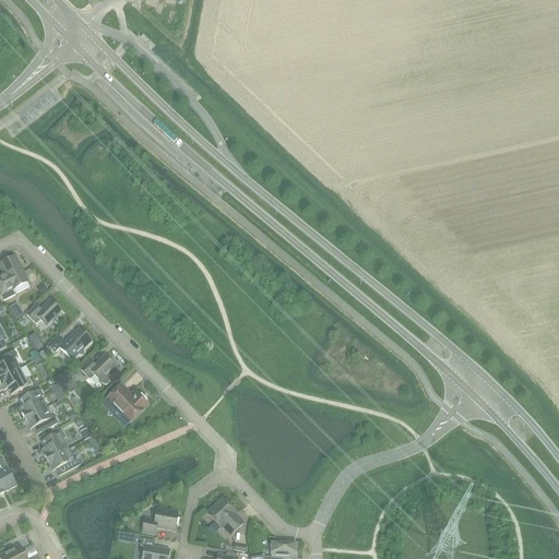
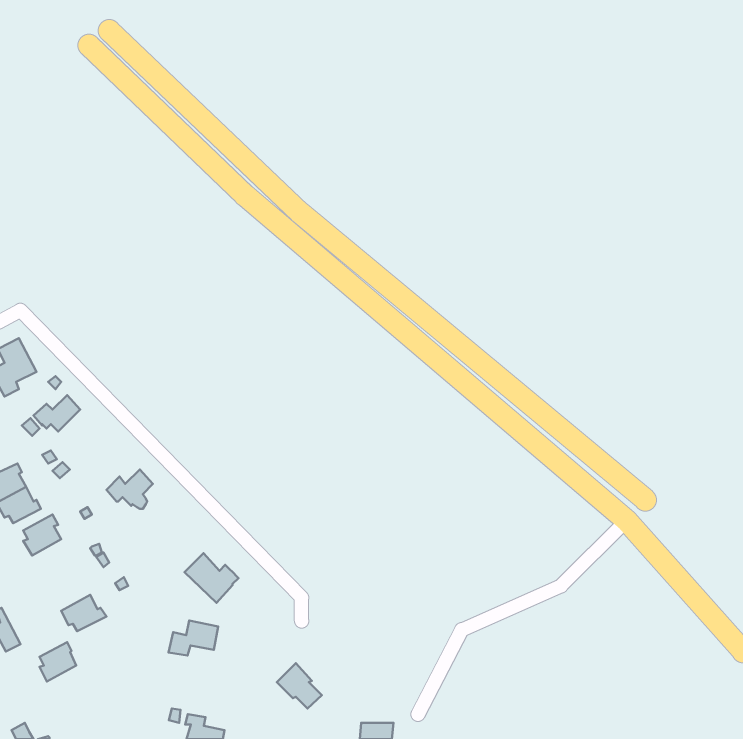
building: [48,325,91,358] -> none
building: [106,382,146,419] -> [184,553,238,603]
building: [24,404,57,431] -> none
building: [40,428,68,457] -> [40,642,76,681]
building: [140,506,177,532] -> [169,621,218,656]

